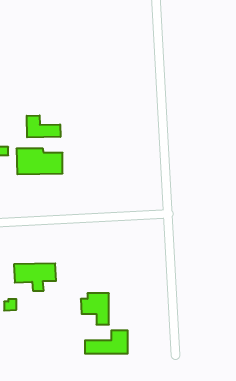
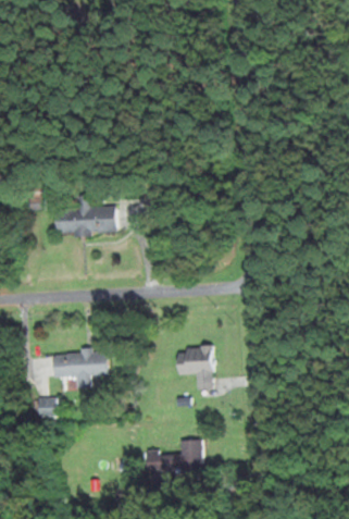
building: [27,115,60,137] -> none
building: [81,293,109,325] -> [176,347,213,388]

